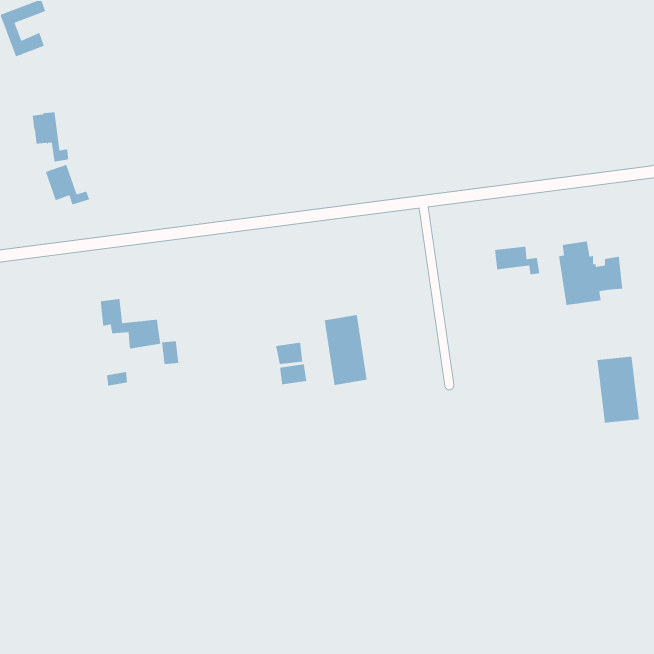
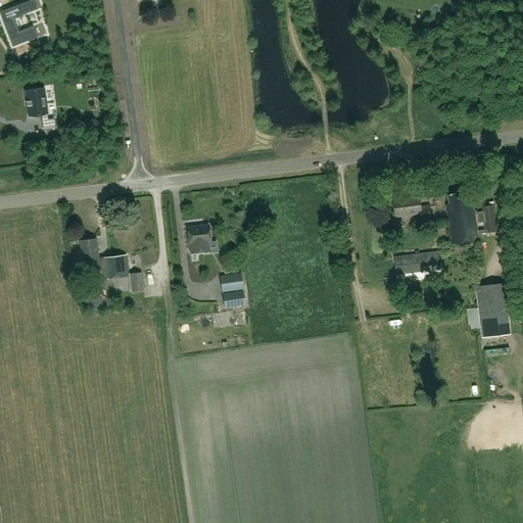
building: [45,164,90,206] -> none
building: none -> [187,225,210,253]
building: [324,314,368,386] -> none
building: none -> [394,251,440,275]

